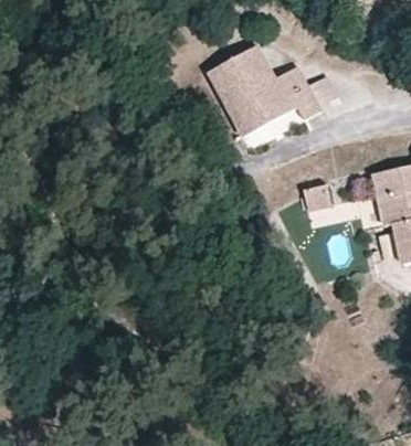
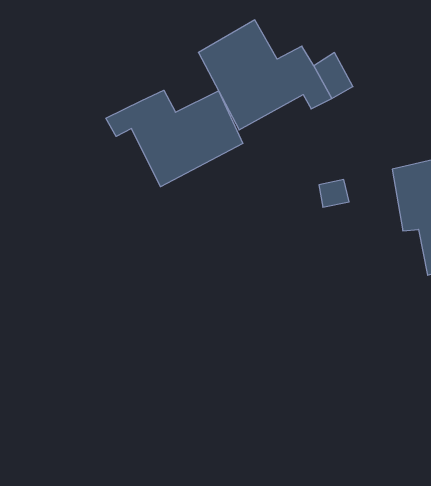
building: none -> [106,90,243,187]

